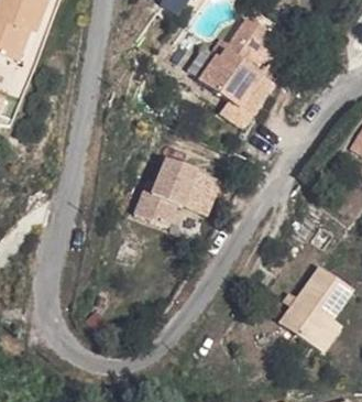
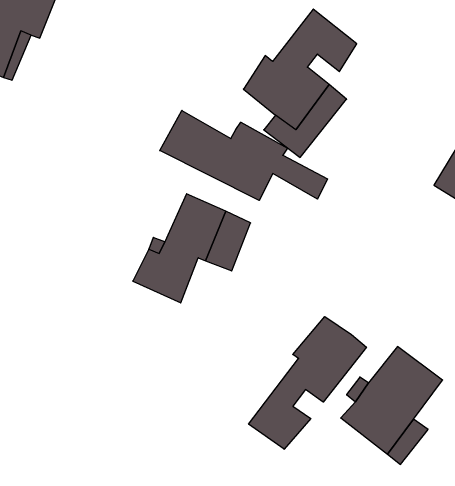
building: none -> [160,110,327,200]
building: none -> [249,317,366,449]

